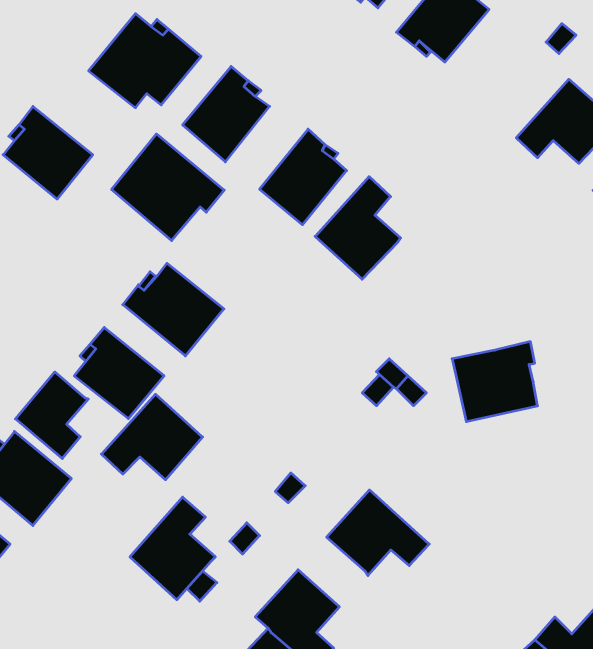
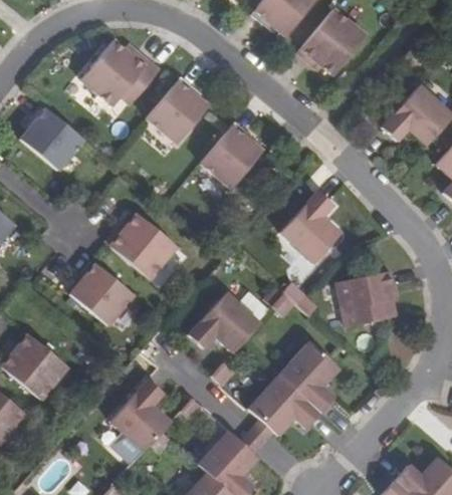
building: [112,134,224,241] -> none
building: [315,177,401,279] -> [280,190,341,262]
building: [15,372,88,459] -> none
building: [101,394,203,480] -> [188,292,259,352]
building: none -> [278,341,338,413]

